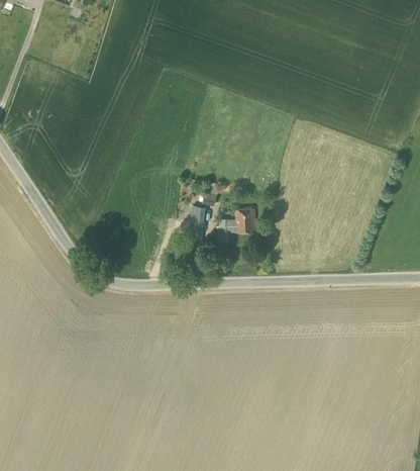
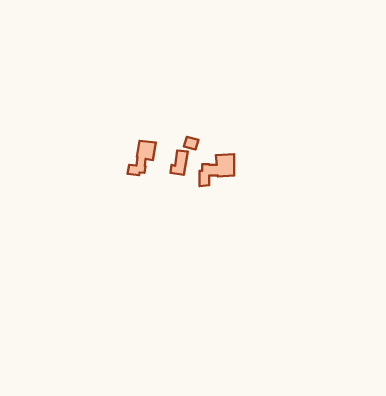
building: none -> [127,141,156,175]

